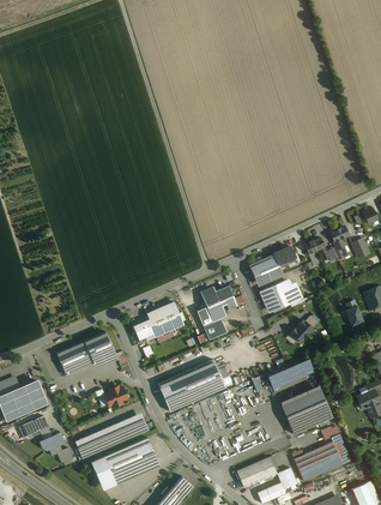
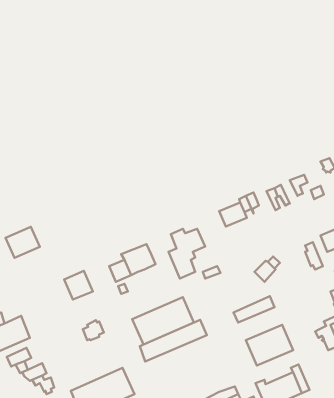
building: [264,279,295,311] -> none
building: [56,341,93,374] -> [6,227,40,258]
building: [75,415,149,461] -> [140,320,207,362]

